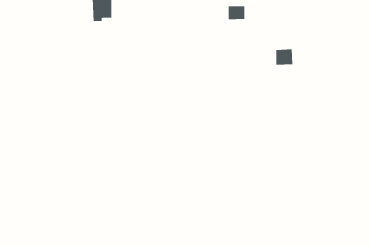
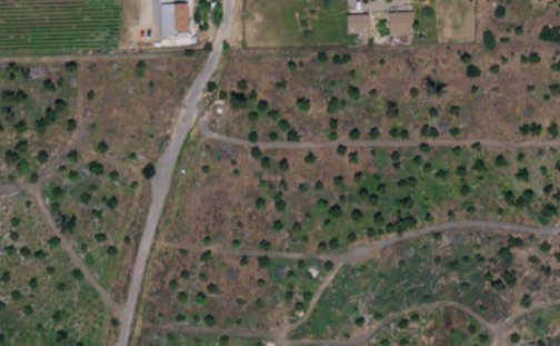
building: [275,49,293,65] -> [389,12,413,34]

